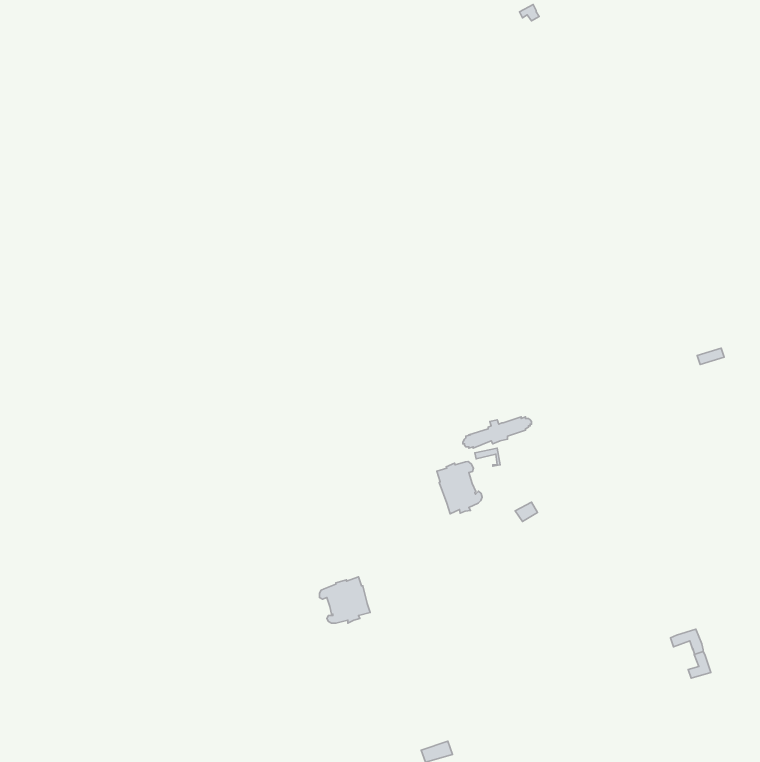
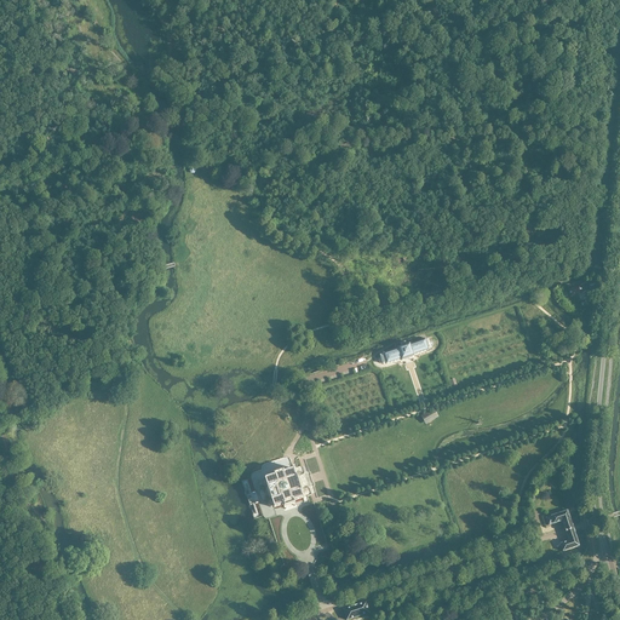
building: [437,462,482,514] -> none

